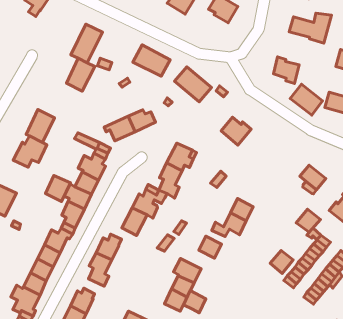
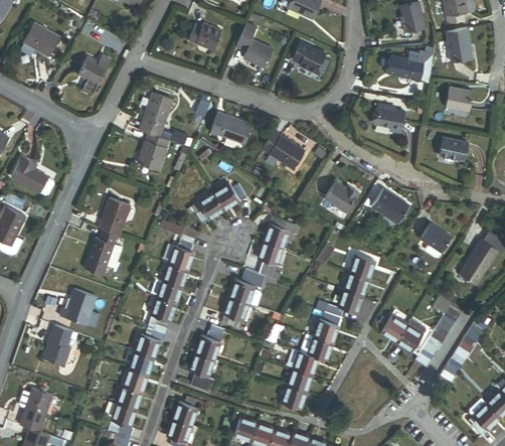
building: [290,84,322,115] -> [370,186,407,220]
building: [46,176,70,202] -> none
building: none -> [350,254,375,279]
building: [296,209,320,232] -> [380,315,407,341]
building: [183,291,206,313] -> [307,336,332,360]

